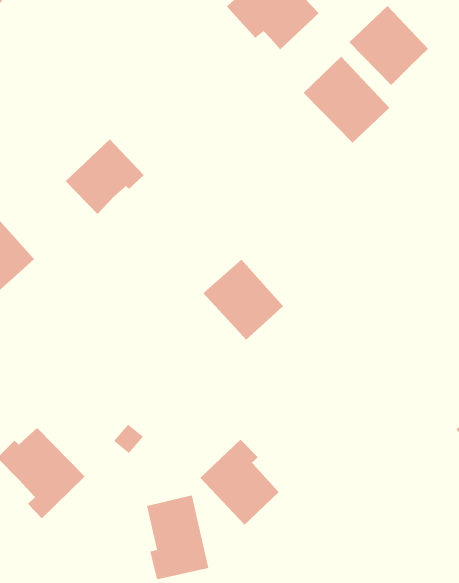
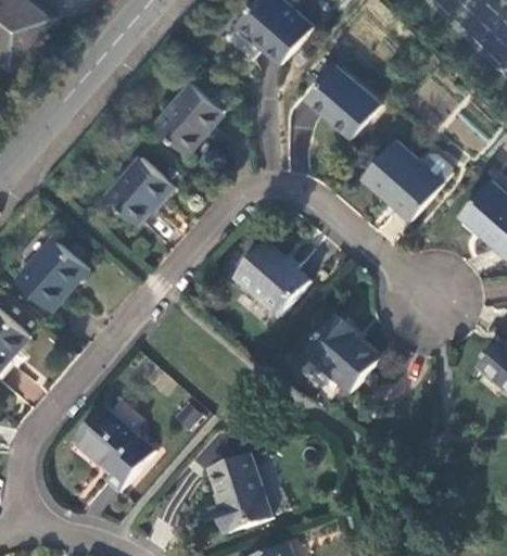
building: [349,5,429,86] -> none
building: none -> [154,81,220,153]
building: none -> [363,141,442,219]
building: [200,439,280,526] -> [306,317,377,392]

